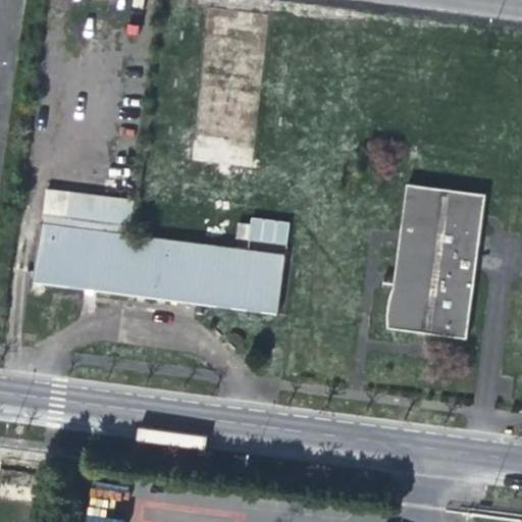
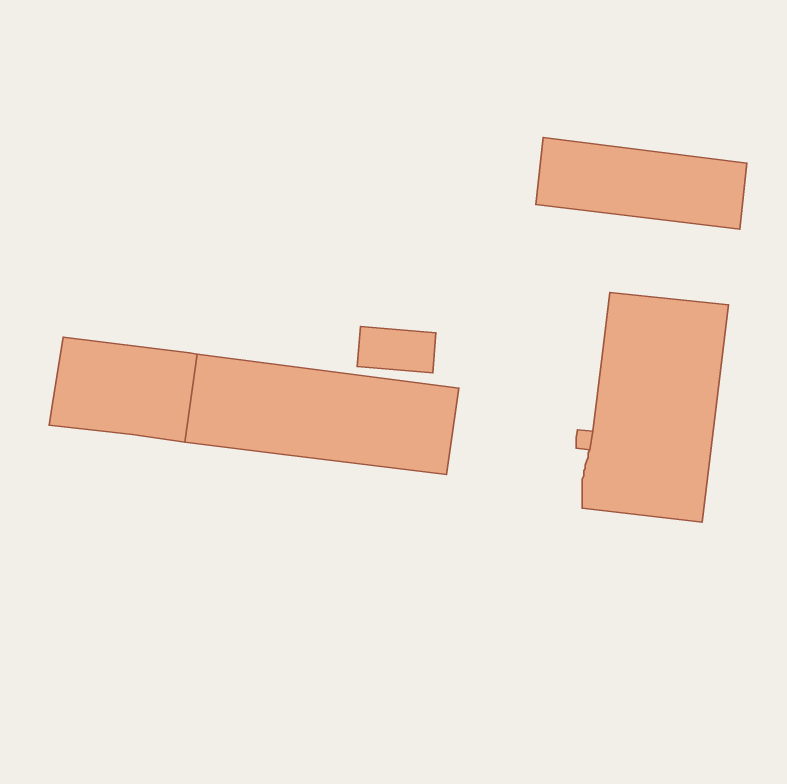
building: none -> [536,138,747,229]
building: [42,185,130,233] -> none

